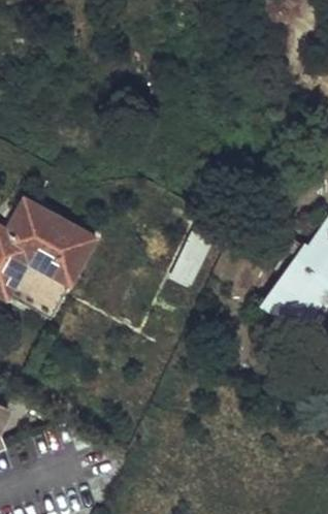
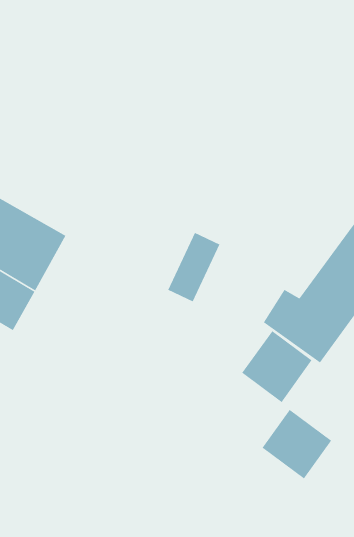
building: none -> [241,330,313,403]
building: none -> [262,409,332,479]

